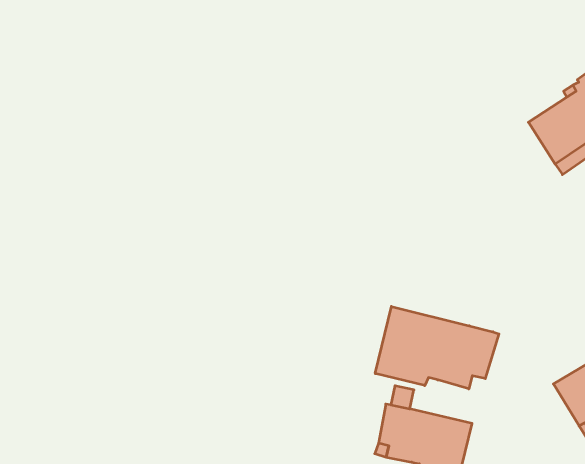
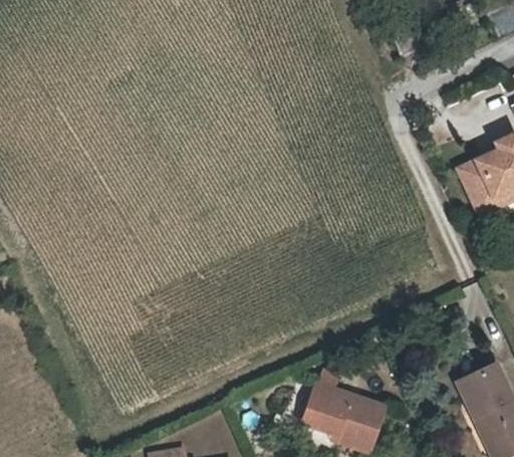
building: [375,306,499,389] -> none

